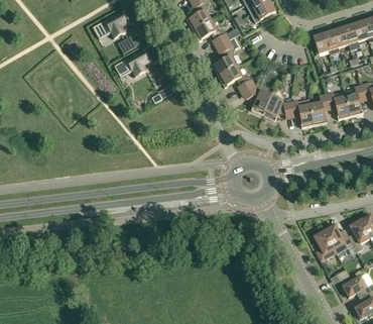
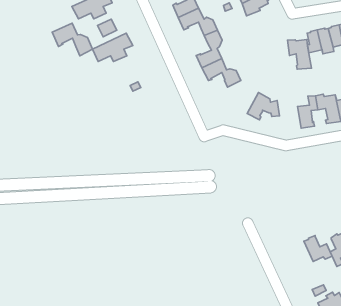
building: none -> [52,23,93,56]
building: [243,85,272,115] -> none
building: [290,99,315,127] -> [287,40,311,69]
building: [314,230,337,261] -> none

